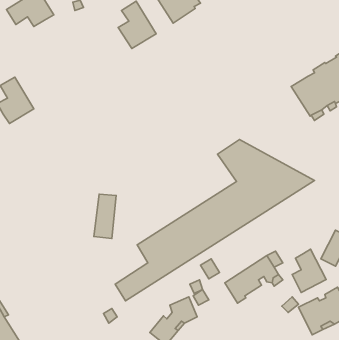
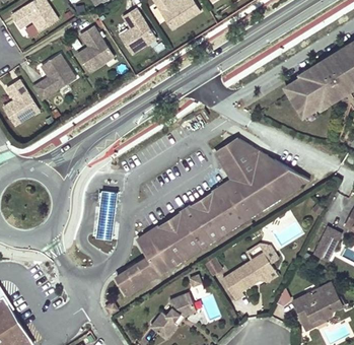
building: none -> [76,24,112,70]
building: none -> [32,53,75,98]
building: [292,249,326,292] -> none

